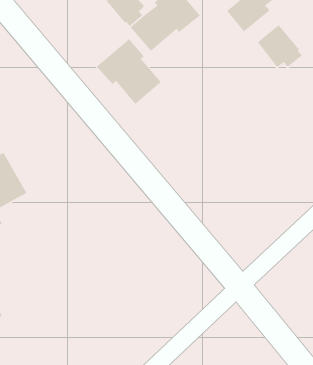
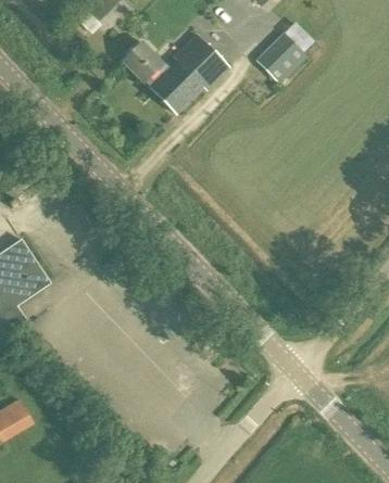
building: [257,24,303,68] -> none
building: [96,38,162,105] -> none

